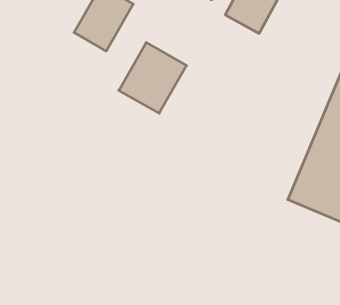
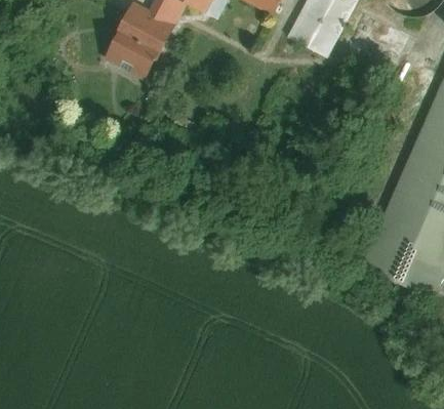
building: [119,43,187,113] -> none

